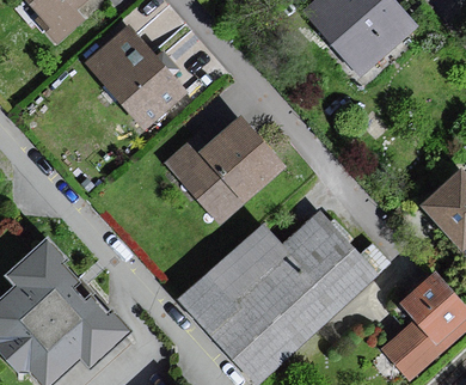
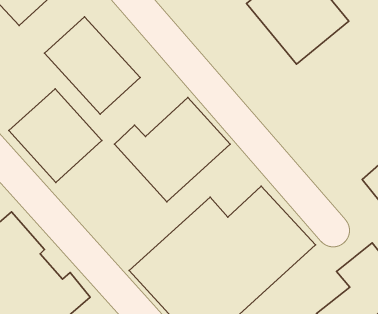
building: none -> [9,89,102,182]

